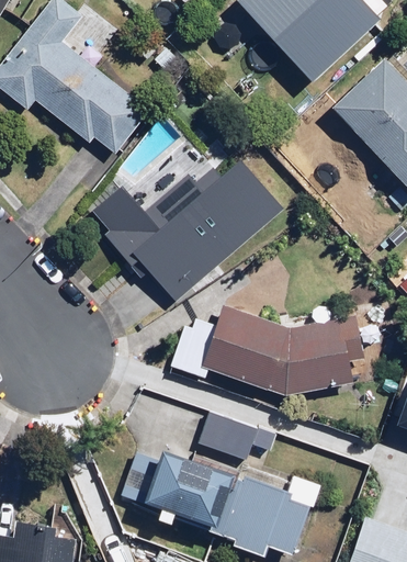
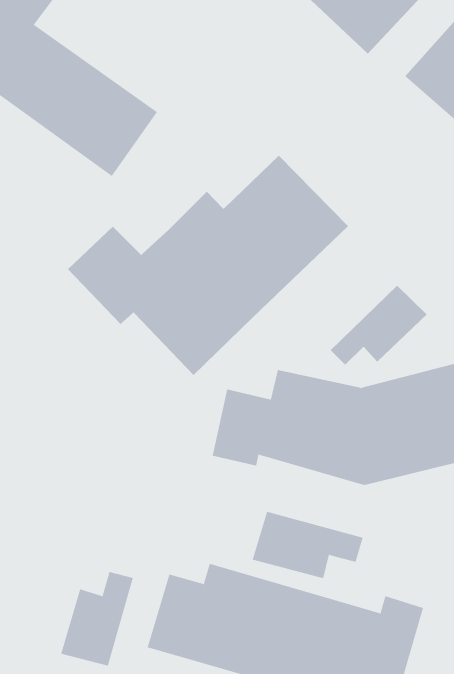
building: none -> [330,285,427,365]
building: none -> [61,571,134,666]

